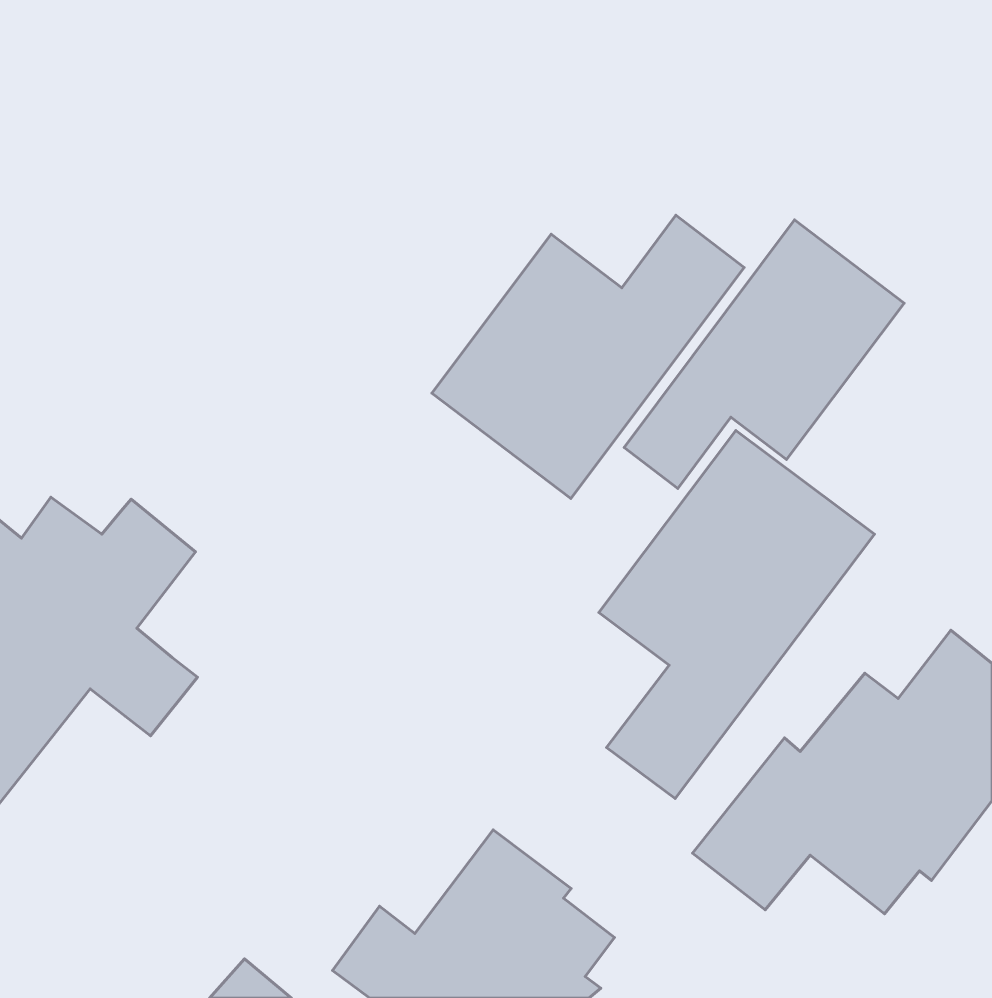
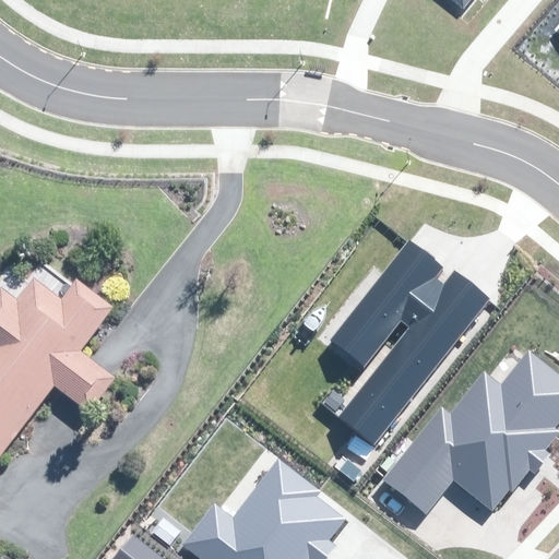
building: [432,215,744,499] -> none
building: [624,220,904,488] -> none

